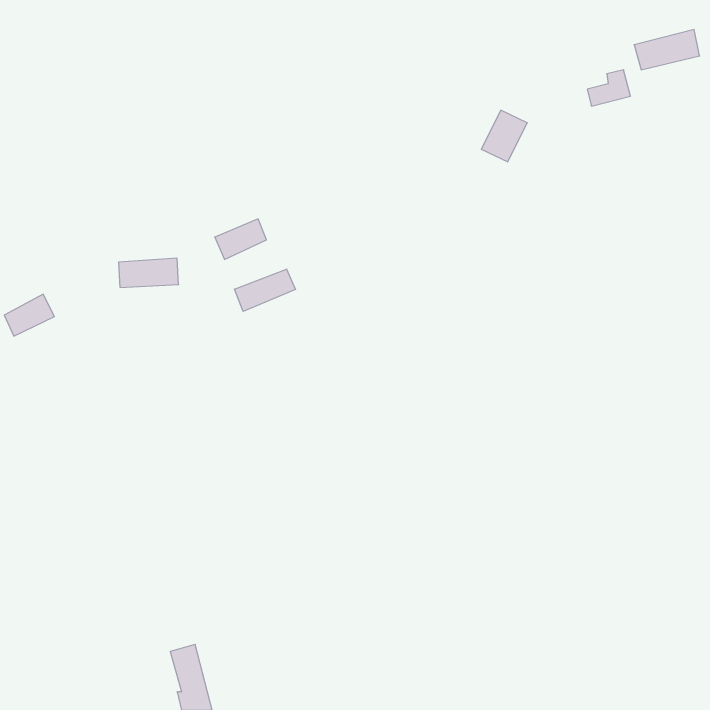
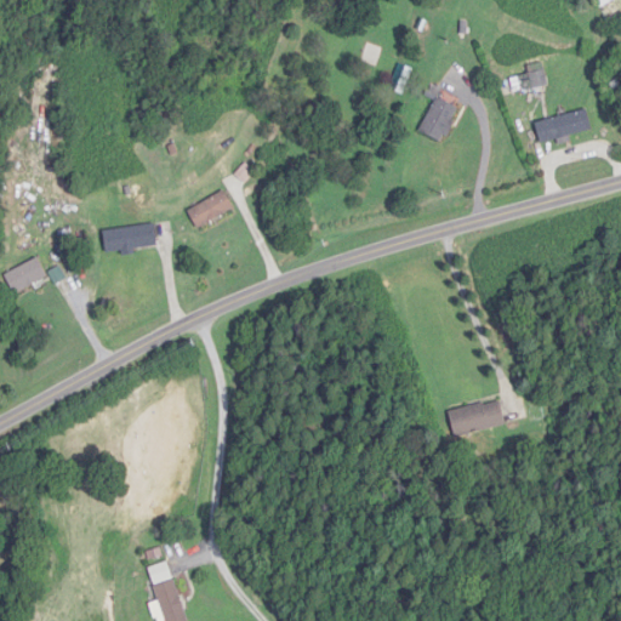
building: [634,29,700,70] -> [534,108,591,143]
building: [234,269,296,311] -> none
building: none -> [448,398,505,437]

